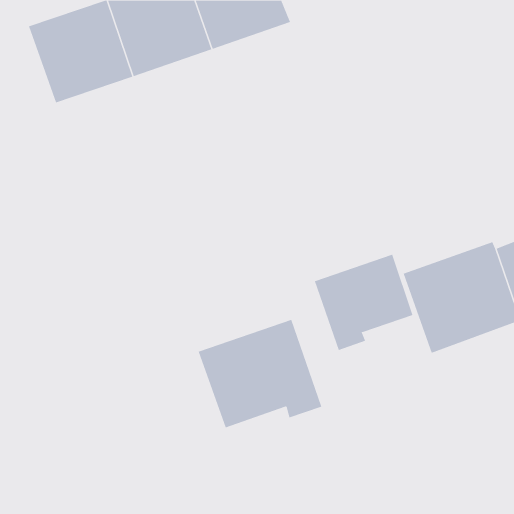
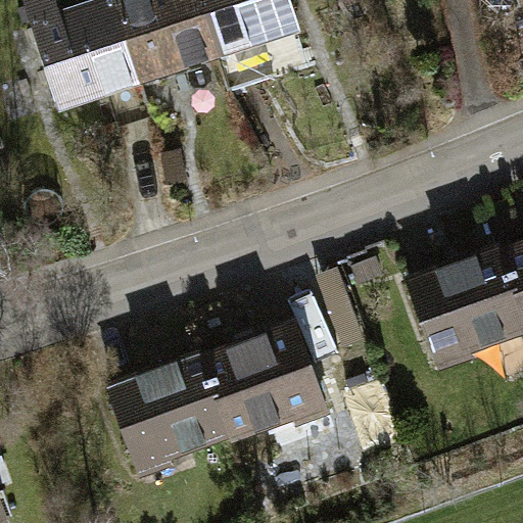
building: [314,254,413,351] -> none
building: none -> [111,358,230,473]

